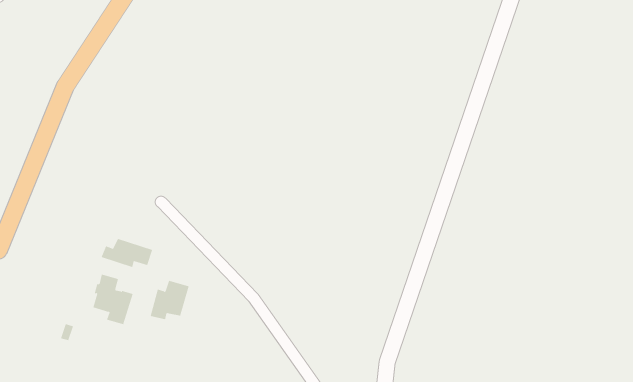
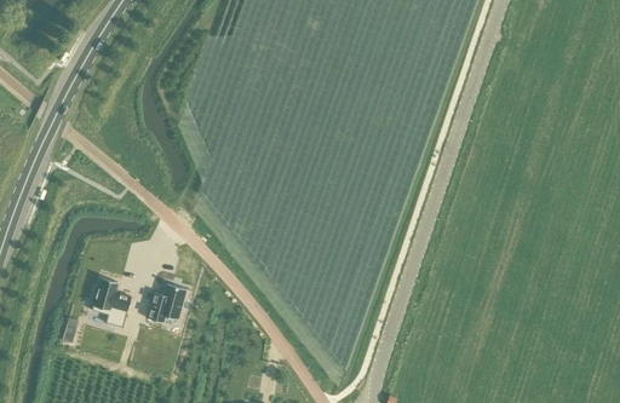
building: [101,238,153,268] -> none

